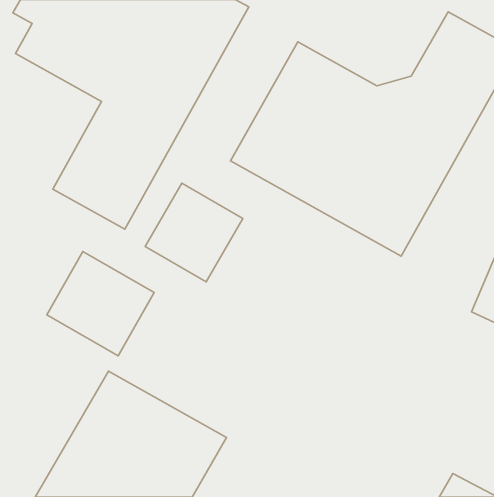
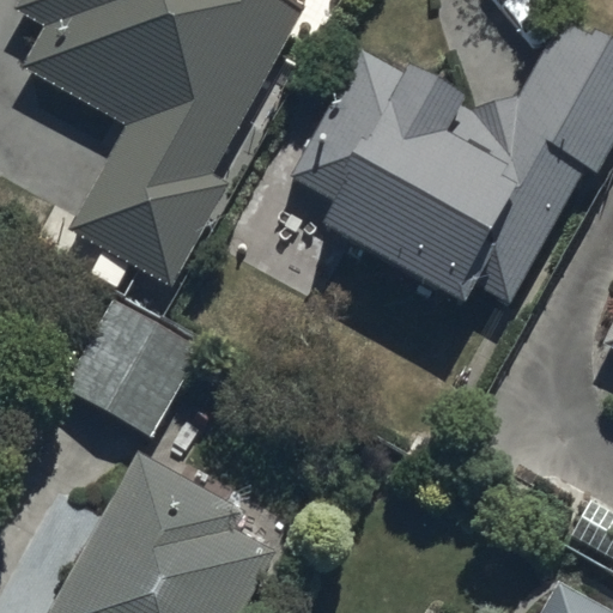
building: [145,183,243,282] -> none

